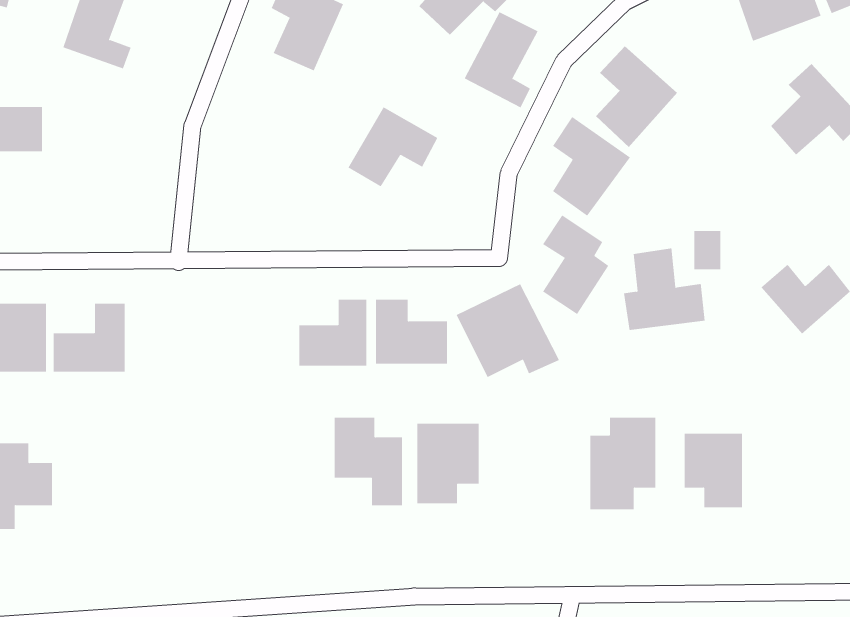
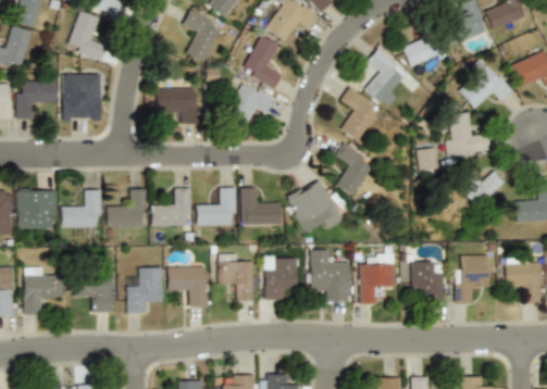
building: [464,12,539,108] -> [241,35,283,88]
building: none -> [401,34,442,67]
building: none -> [62,75,102,121]
building: none -> [157,88,199,124]
building: [623,248,706,331] -> [444,112,489,158]
building: none -> [108,189,148,227]
building: none -> [152,189,192,226]
building: none -> [310,250,350,301]
building: none -> [455,255,488,303]
building: none -> [169,267,207,308]
building: none -> [127,268,163,313]
building: none -> [75,276,113,312]

